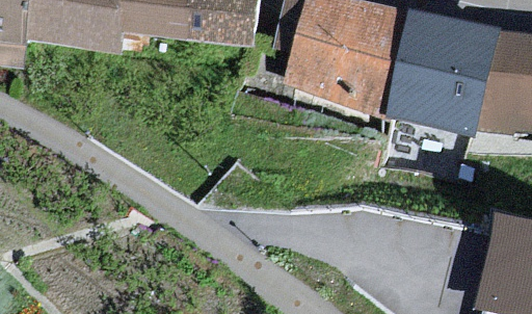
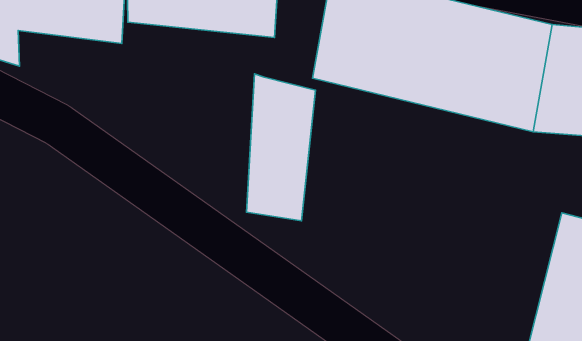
building: none -> [247,74,315,221]

